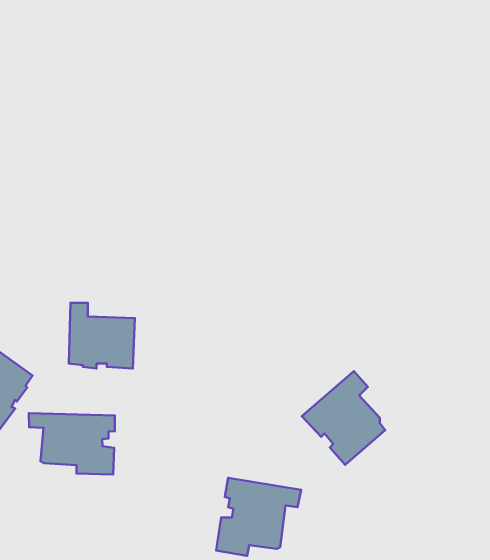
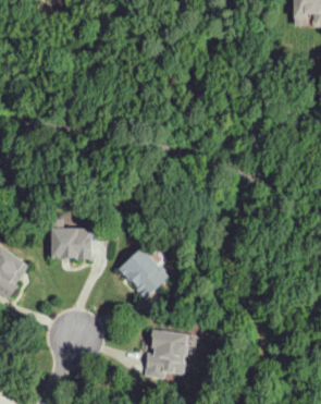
building: [302,371,385,465] -> [115,240,168,298]
building: [29,413,115,475] -> none

